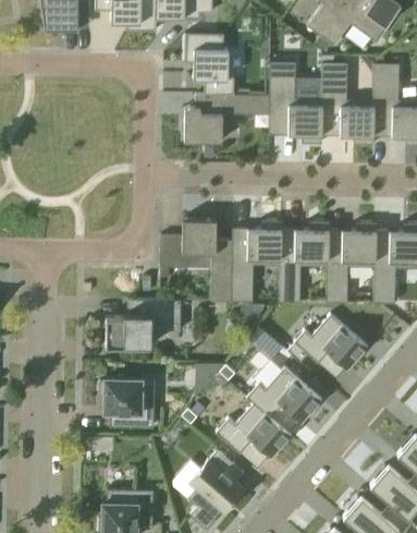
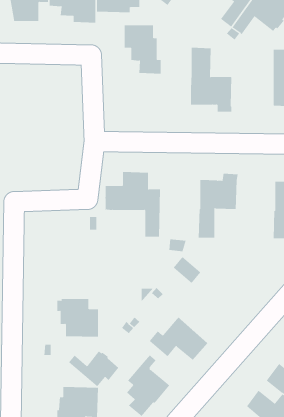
building: [321,62,375,144] -> none
building: [185,94,270,141] -> none
building: [231,219,282,301] -> none
building: [327,221,377,303] -> none
building: [106,300,181,348] -> none
building: [287,314,369,368] -> none
building: [247,365,323,421] -> none
building: none -> [68,351,119,387]

